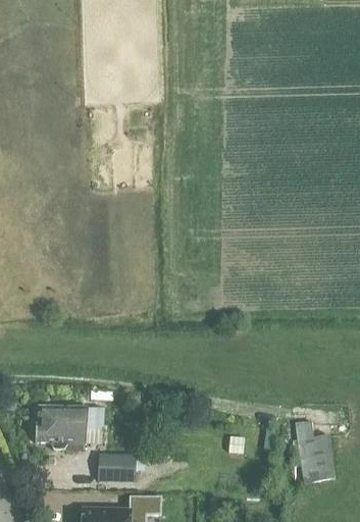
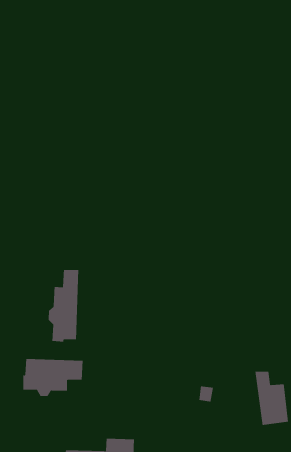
building: none -> [48,269,79,342]
building: [98,455,145,480] -> none

